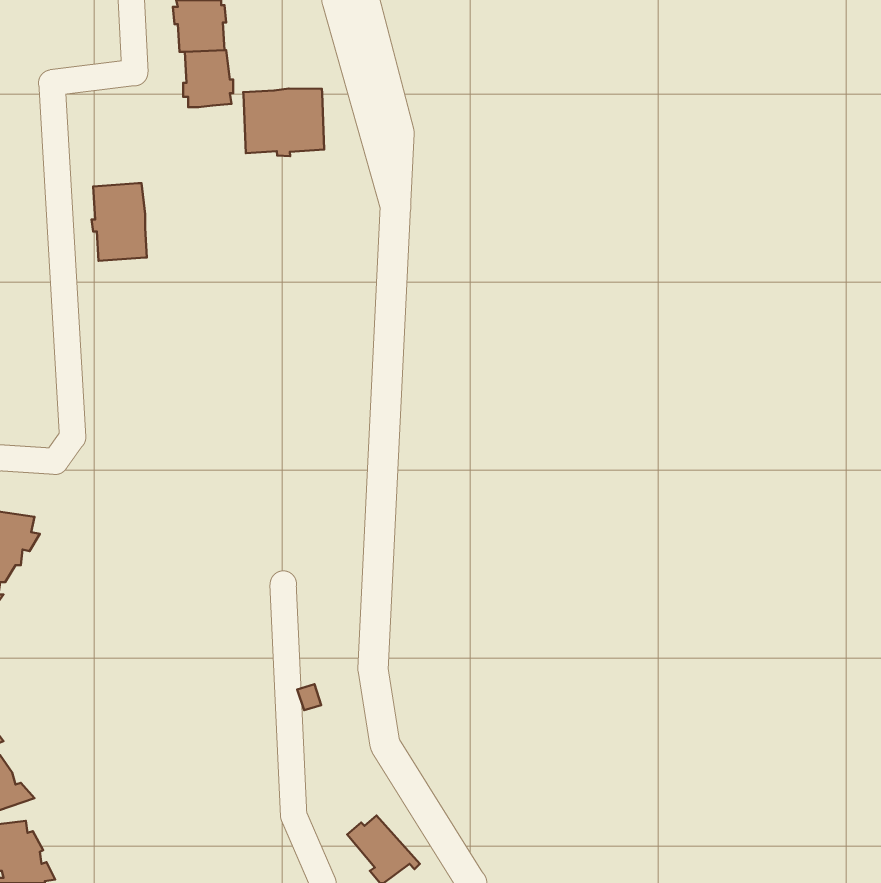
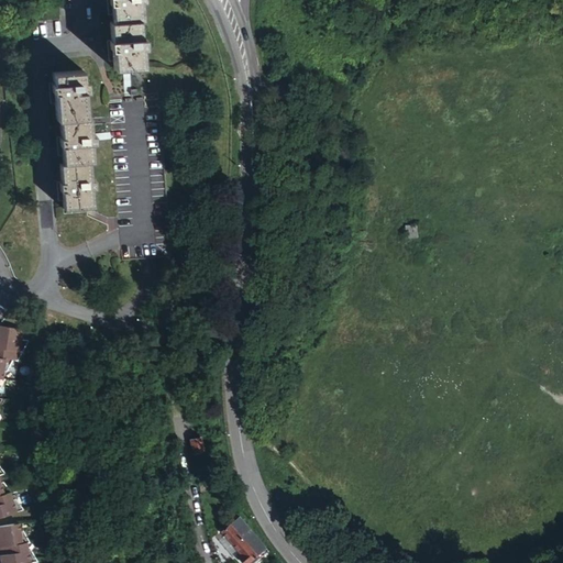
building: [243,89,324,156] -> none
building: none -> [53,73,88,119]
building: none -> [63,164,97,210]

